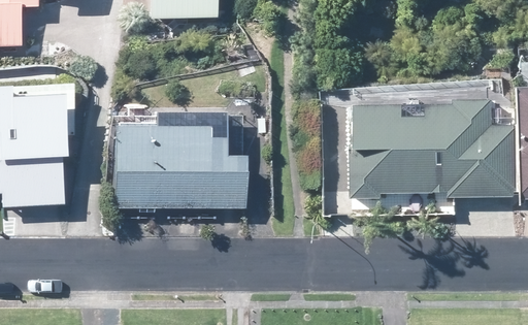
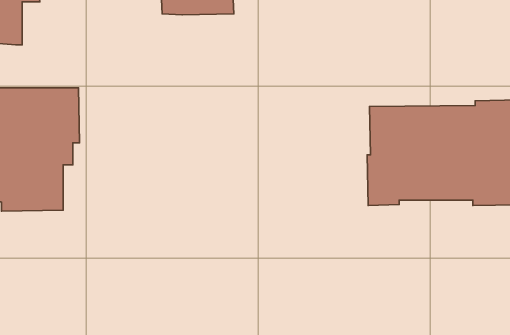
building: [119,108,249,207] -> none

